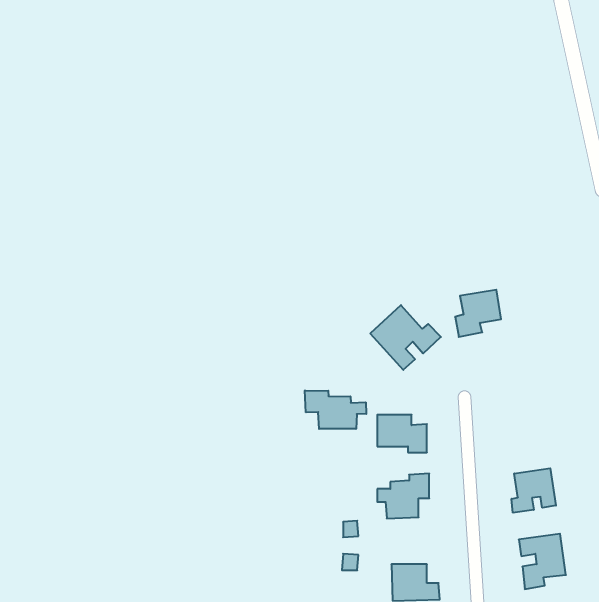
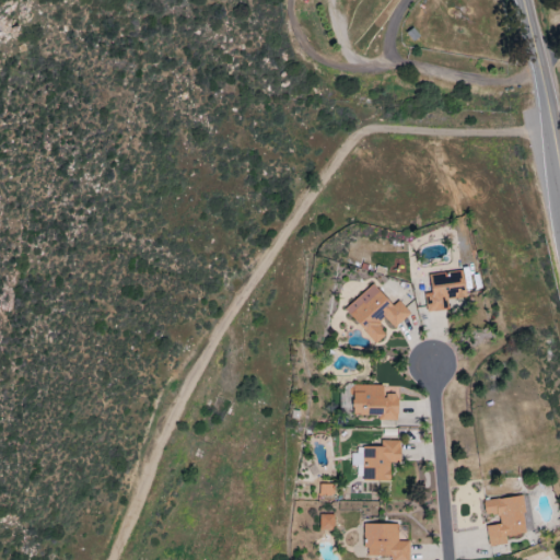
building: [305,390,366,429] -> none
building: [512,468,556,513] -> none

